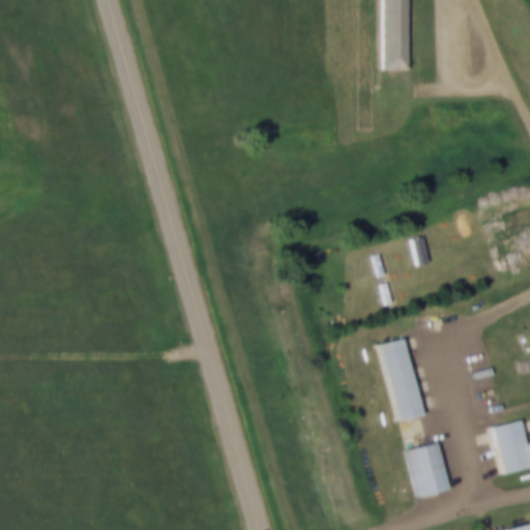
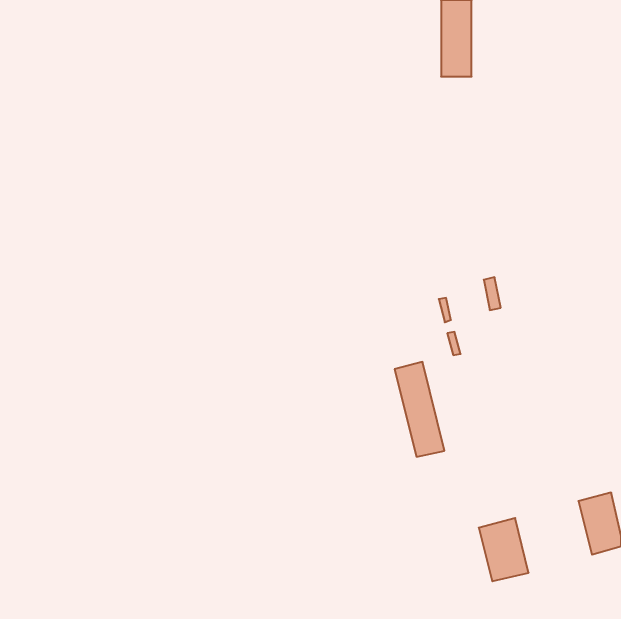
building: [380,341,422,421] -> [395,362,444,457]

